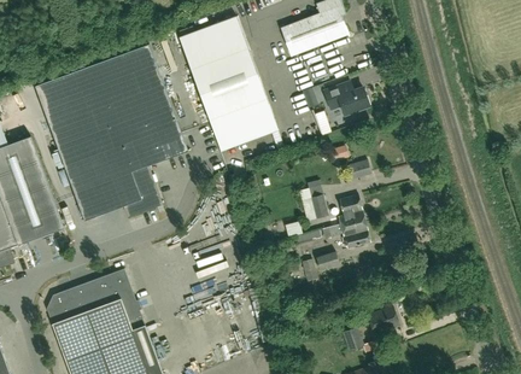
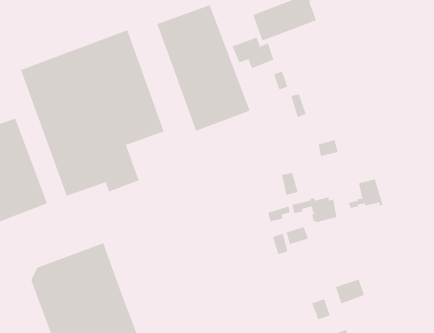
building: [323,81,368,115] -> [232,37,274,69]
building: [328,194,365,226] -> [348,179,383,208]

